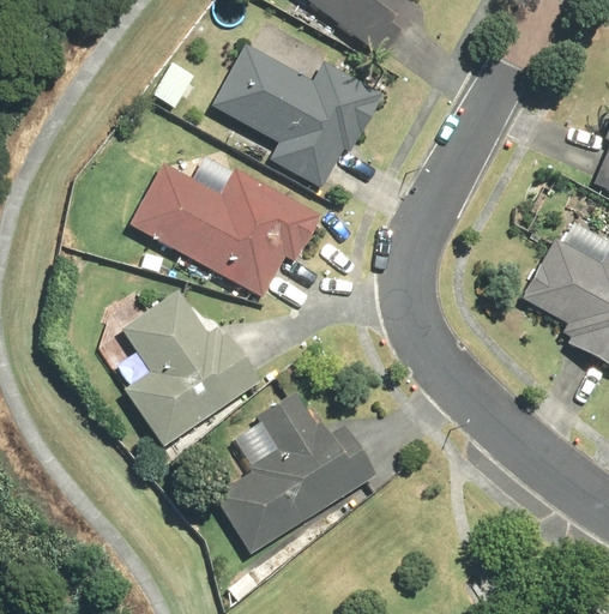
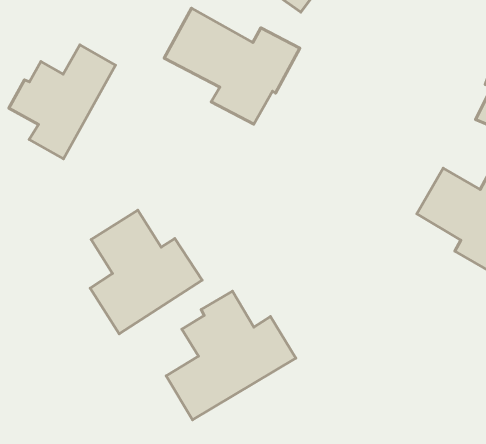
building: none -> [9,45,116,159]
building: [129,163,320,297] -> none

